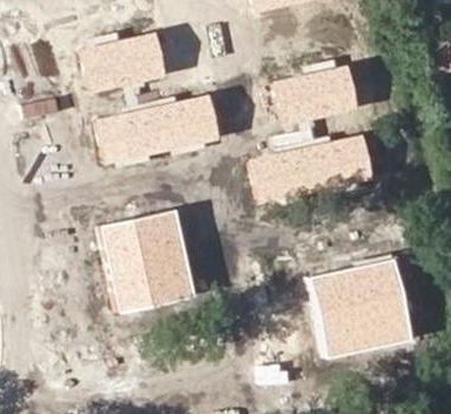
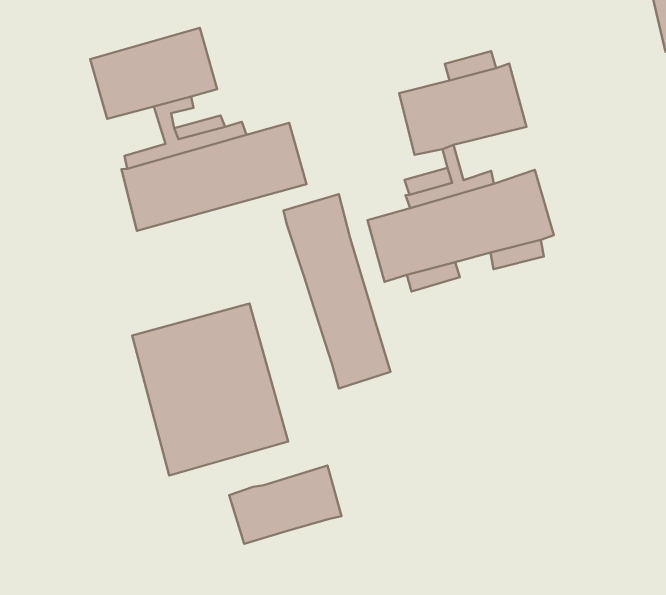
building: none -> [283,194,390,388]
building: [310,260,409,359] -> none
building: none -> [229,466,342,544]

